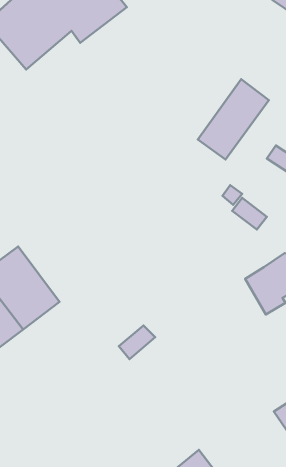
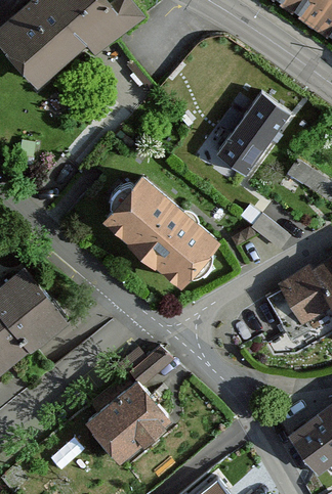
building: none -> [103,177,214,282]
building: none -> [86,379,167,458]

